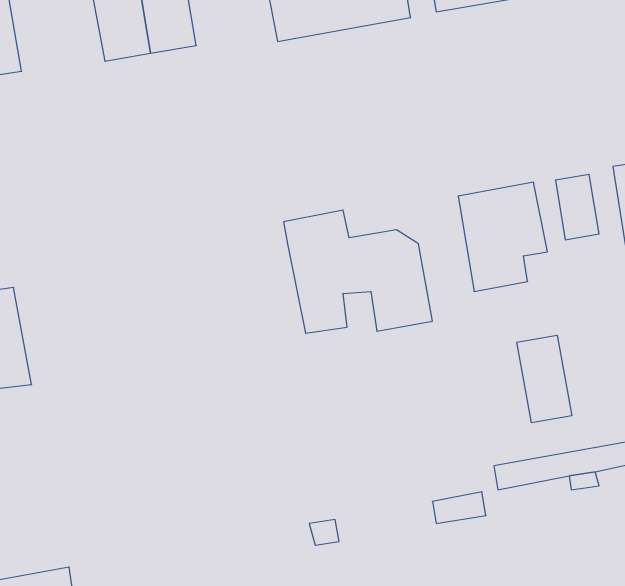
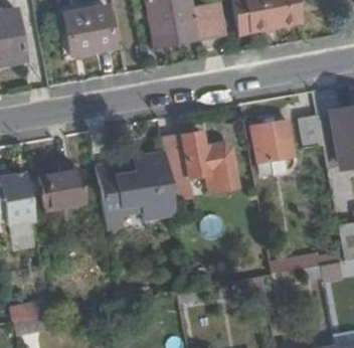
building: none -> [95,150,175,231]
building: none -> [37,168,81,207]
building: [517,335,572,423] -> none

